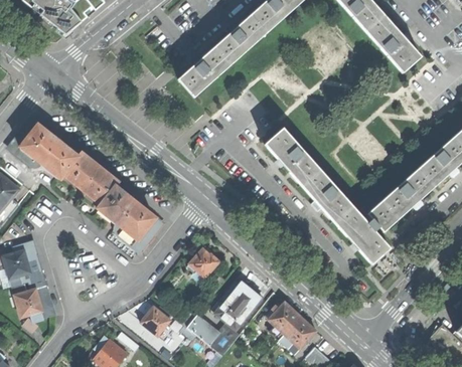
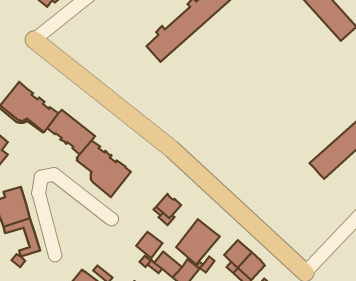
building: [265,127,391,262] -> none
building: [14,287,44,316] -> none
building: [141,306,171,336] -> [136,232,162,258]

